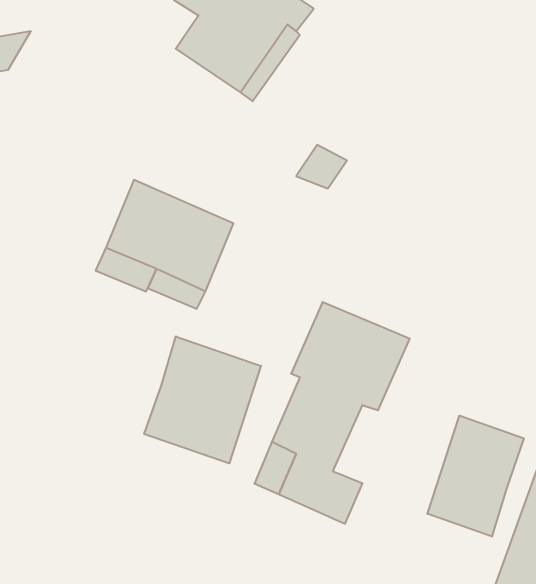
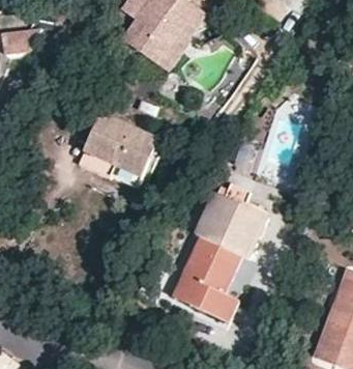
building: [144,336,261,463] -> none
building: [427,416,524,537] -> none

